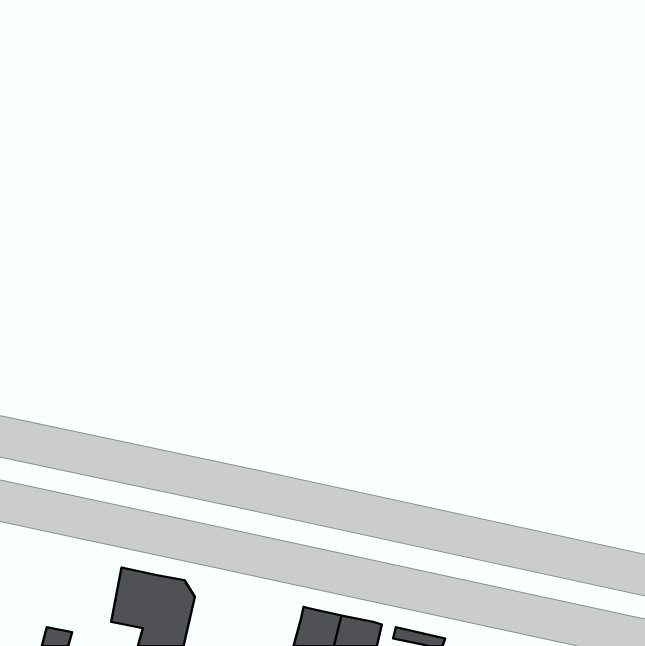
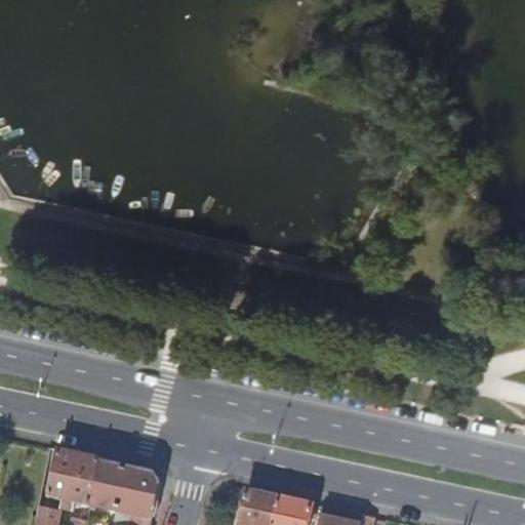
building: none -> [48,451,98,511]

